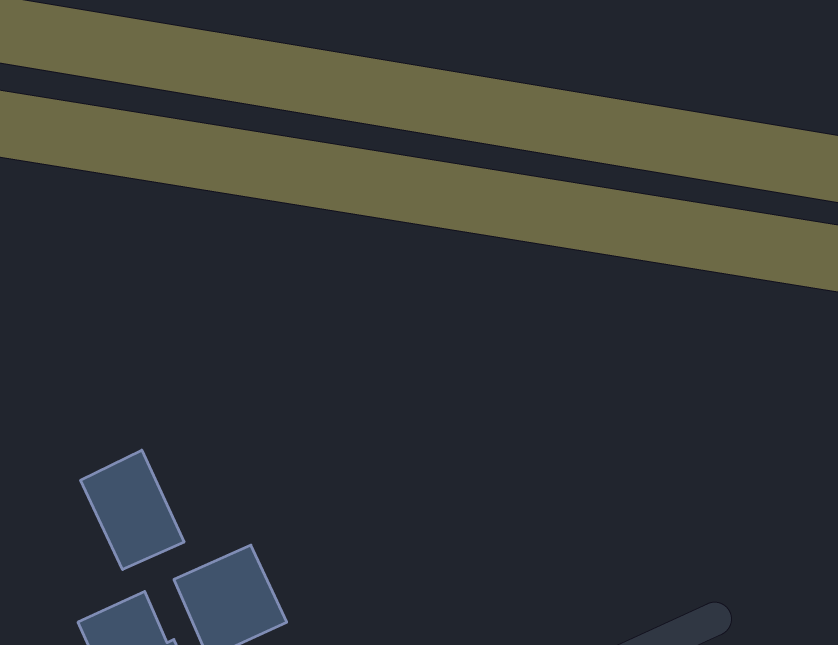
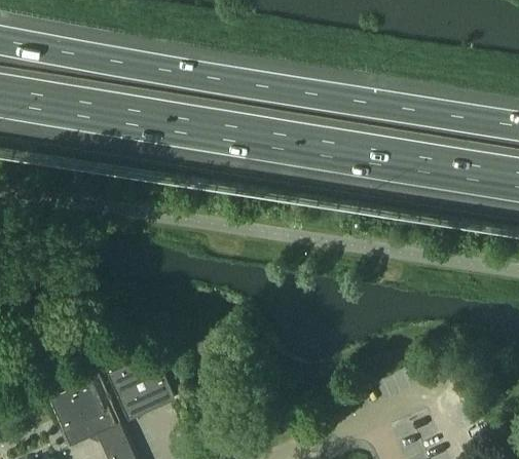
building: [81,450,184,570] -> none

